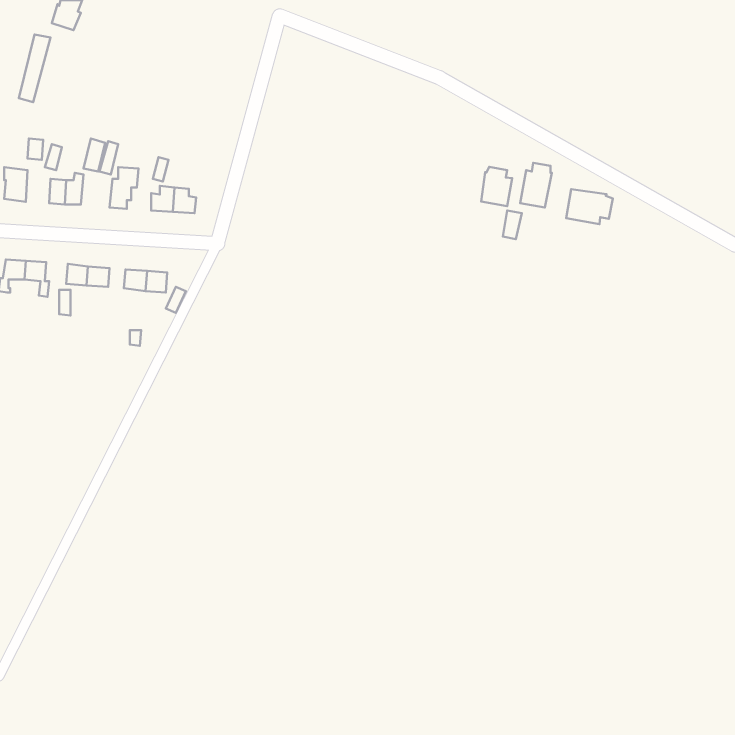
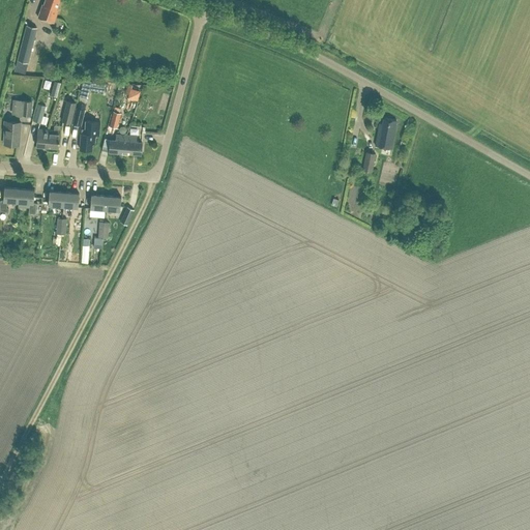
building: [481,167,512,206] -> none
building: [566,189,613,224] -> none

